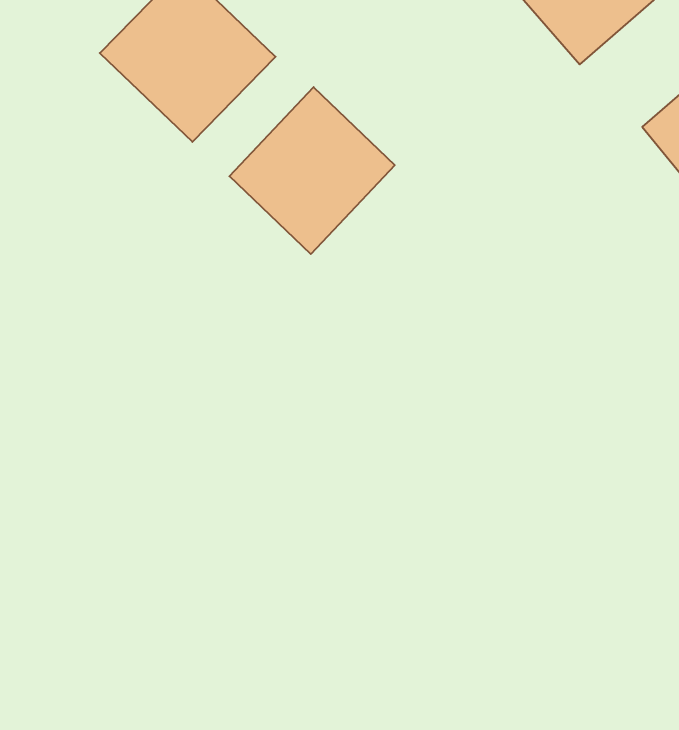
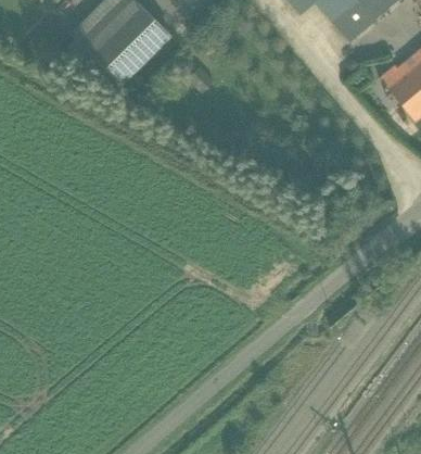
building: [229,87,395,254] -> none

